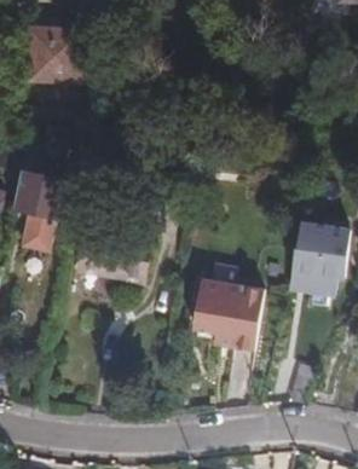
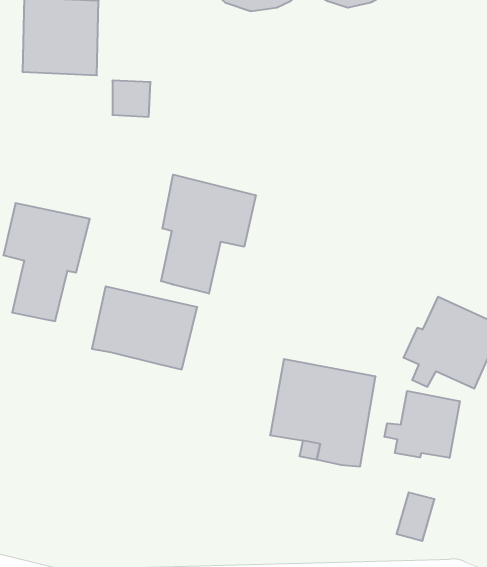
building: none -> [161,175,256,294]
building: none -> [384,391,460,458]

